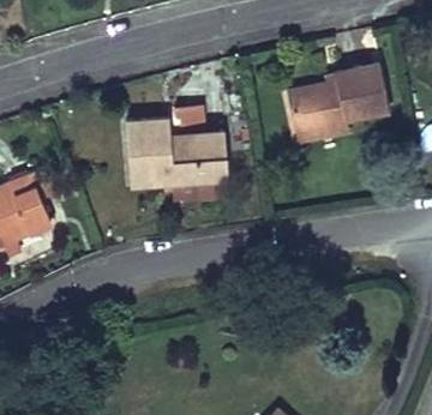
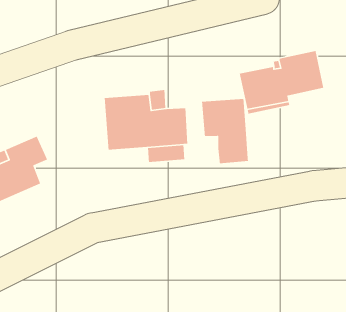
building: none -> [201,98,249,164]

